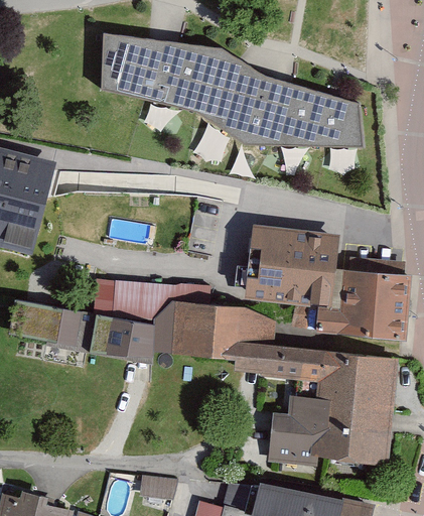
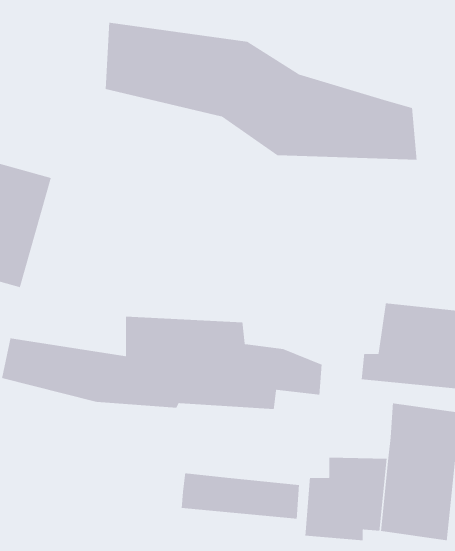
building: [243,225,337,309] -> none
building: [241,341,340,380] -> [181,472,300,519]

